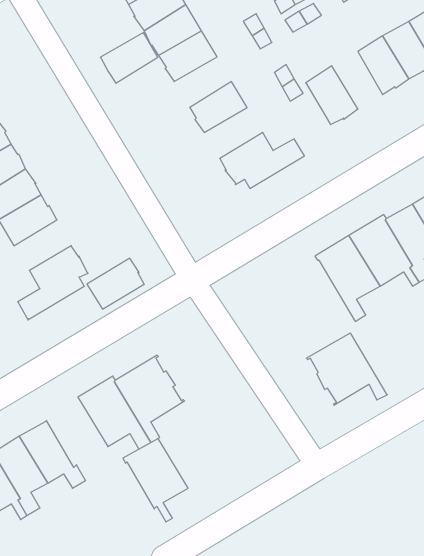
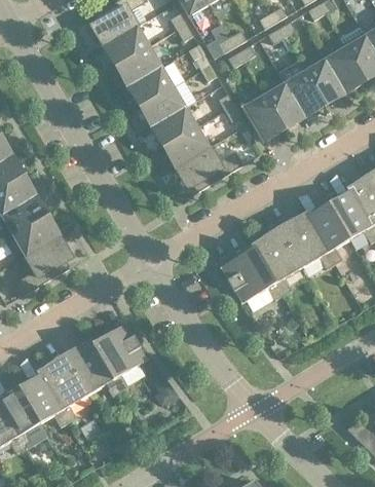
building: [100,32,158,83] -> [139,86,184,126]
building: none -> [263,82,303,127]
building: none -> [162,126,209,166]
building: [87,258,144,309] -> [12,215,58,255]
building: [306,333,387,405] -> [218,247,282,303]
building: [123,439,188,522] -> [35,354,86,420]

